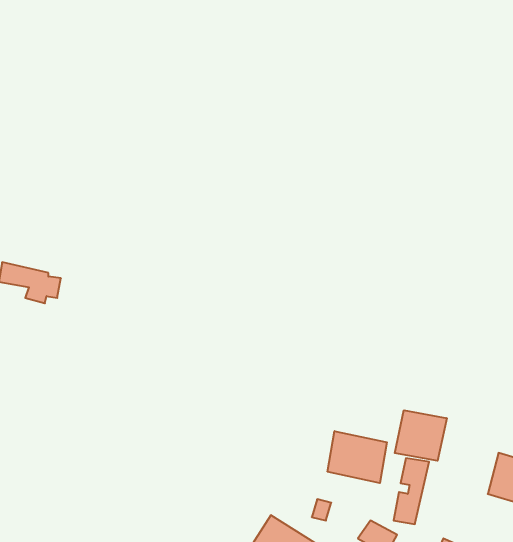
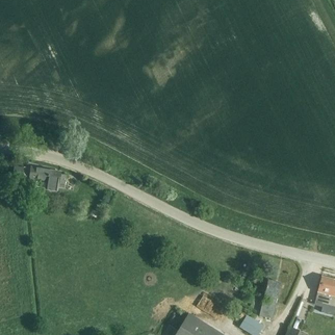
building: [395,410,447,461] -> none
building: [328,431,387,483] -> none

